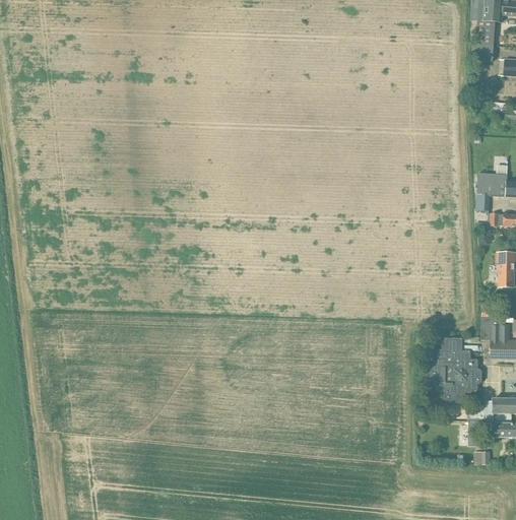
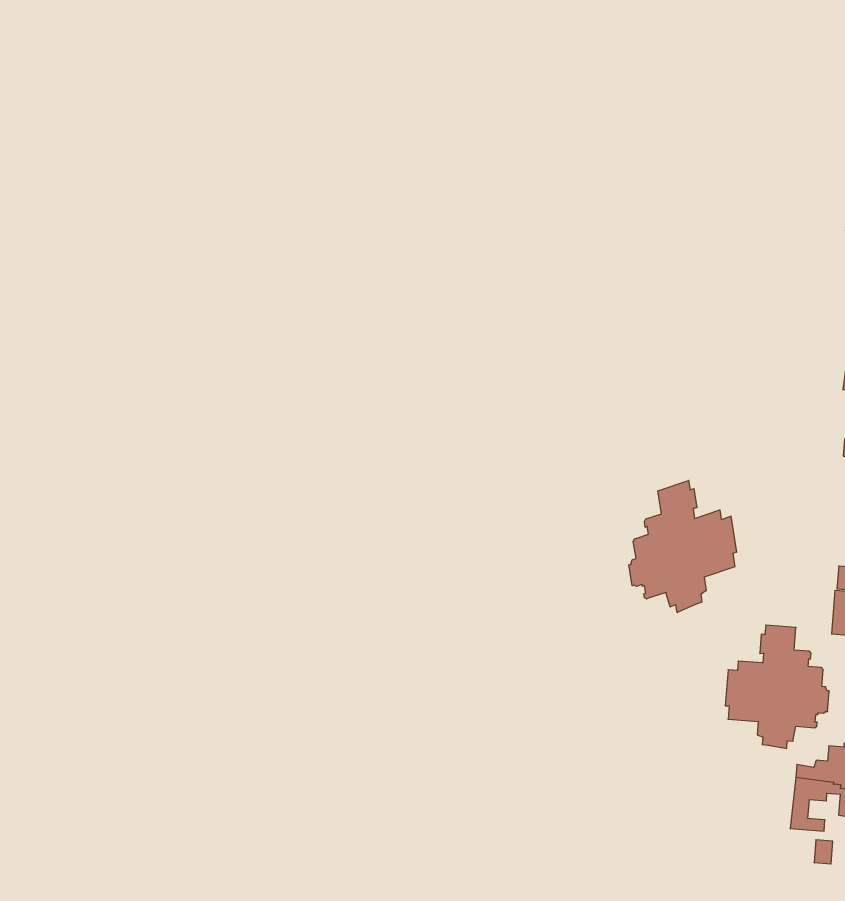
building: none -> [629,480,737,613]

